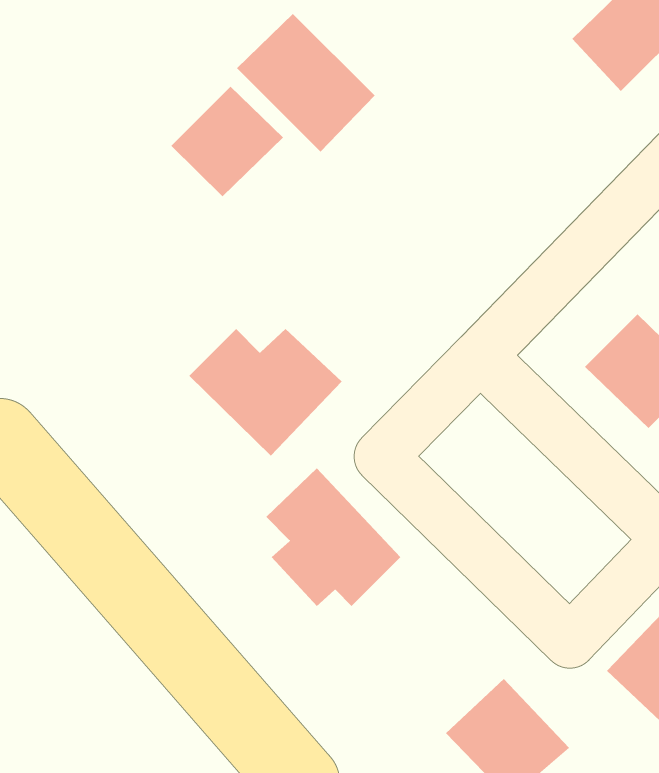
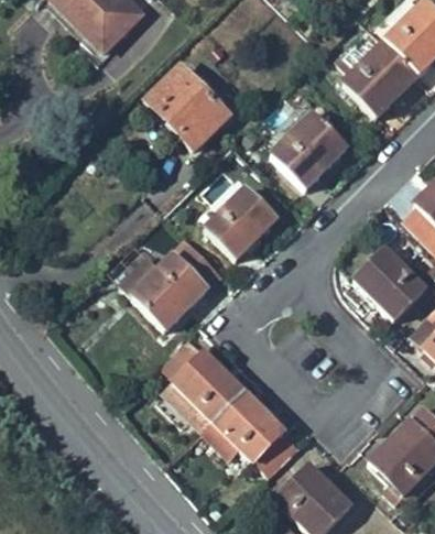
building: [171,86,284,197] -> none
building: none -> [273,113,347,187]
building: none -> [205,182,281,257]
building: none -> [204,391,303,482]

